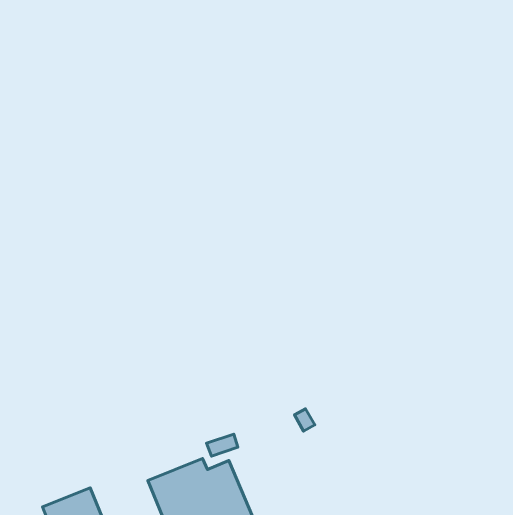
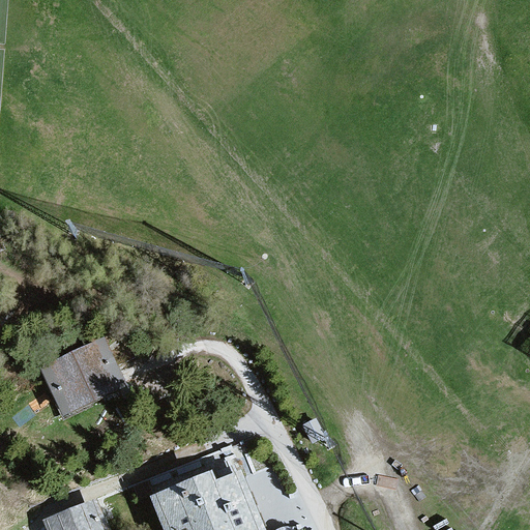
building: none -> [43,340,121,409]

